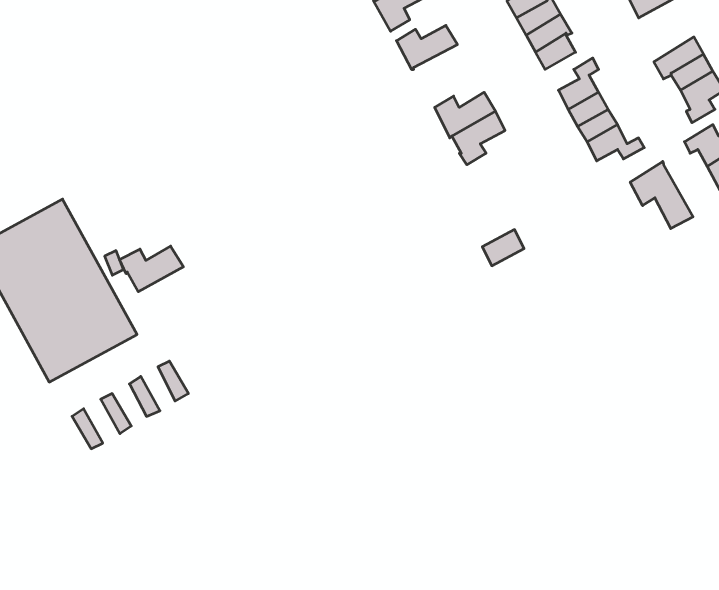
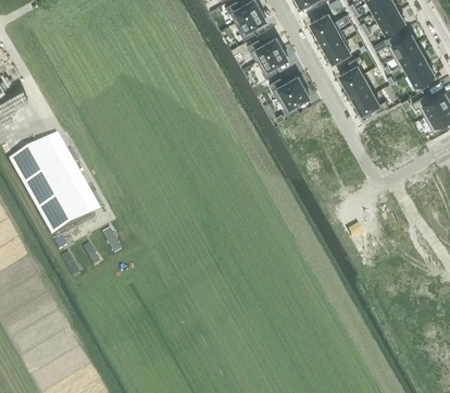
building: none -> [386,30,416,56]
building: none -> [257,46,287,76]
building: [630,161,693,229] -> none
building: [120,246,183,292] -> none

